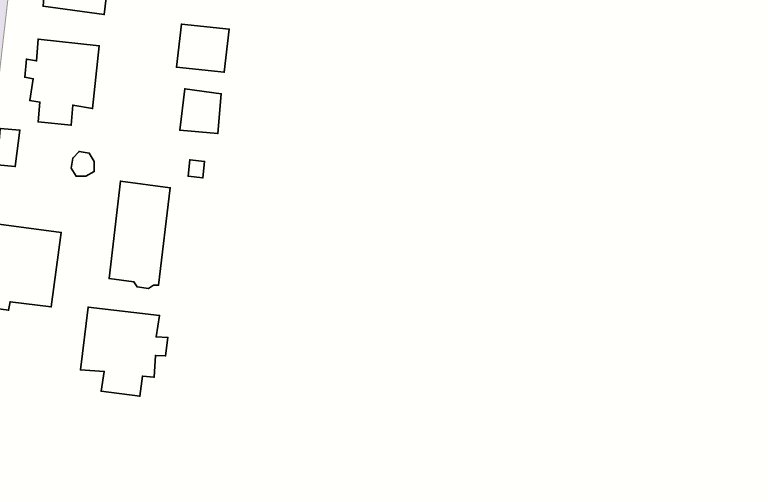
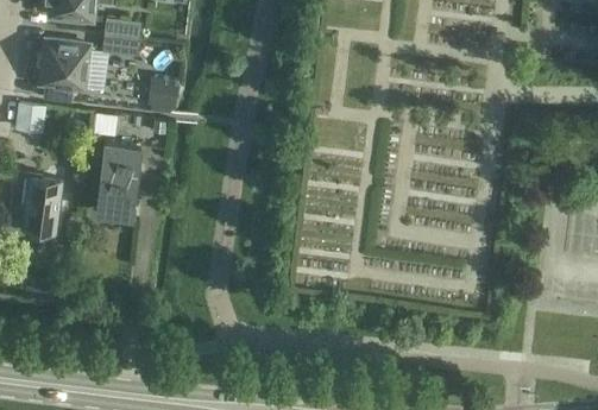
building: [176,24,229,72] -> [102,20,140,55]
building: [81,307,168,396] -> none

